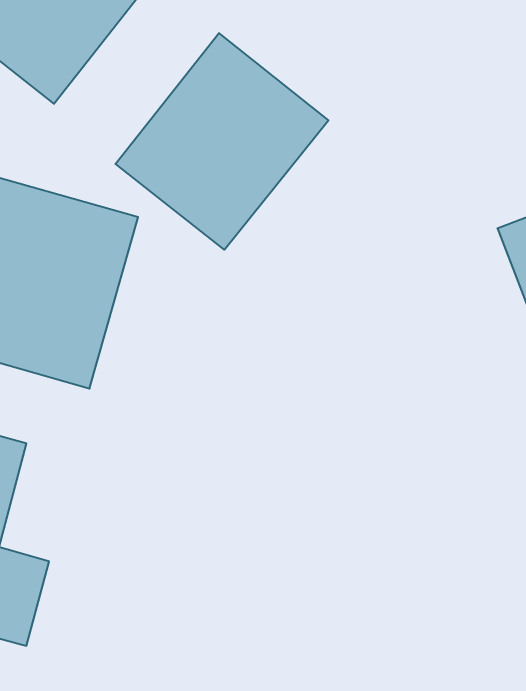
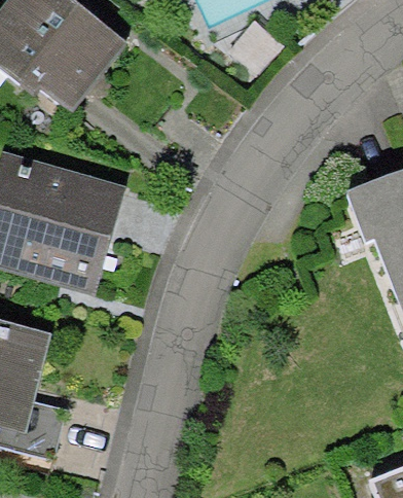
building: [115,33,328,250] -> none

